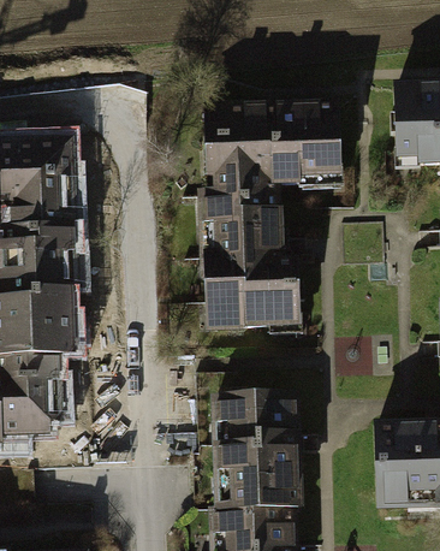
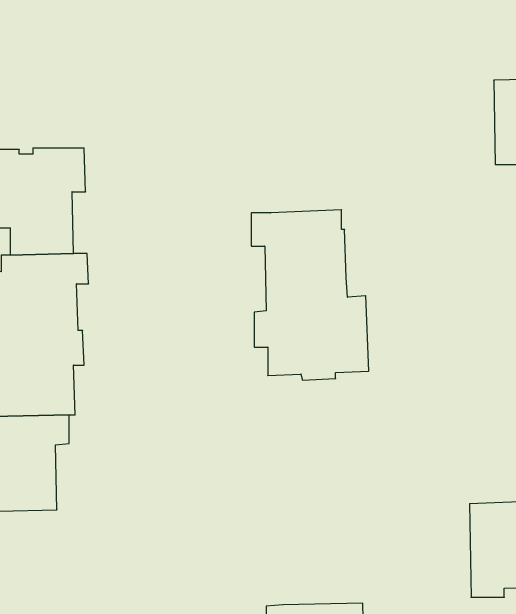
building: [209,108,340,195] -> none
building: [219,396,298,508] -> none

